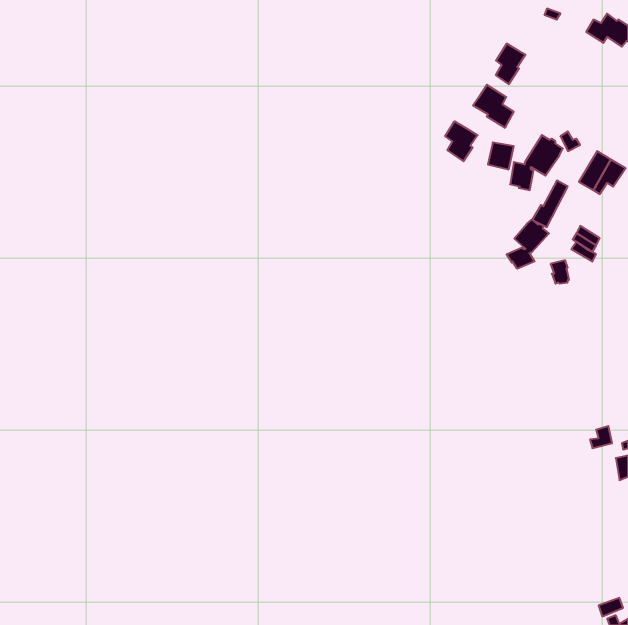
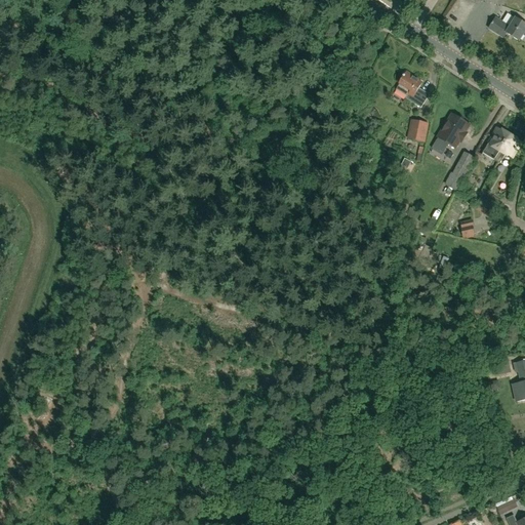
building: [496,43,525,84] -> none
building: [445,121,478,161] -> none
building: [507,220,549,269] -> none

